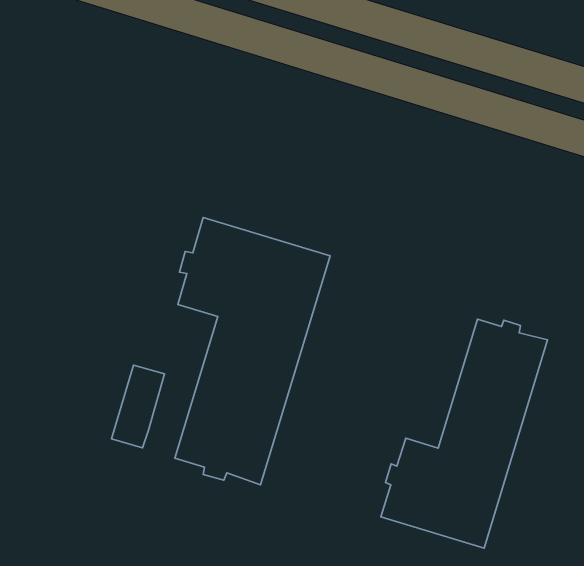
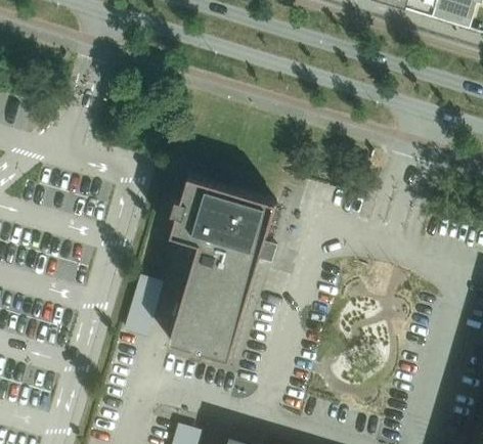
building: [381,319,547,548] -> none

